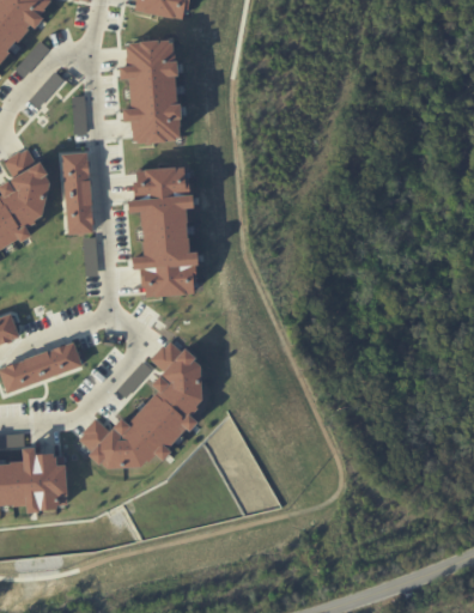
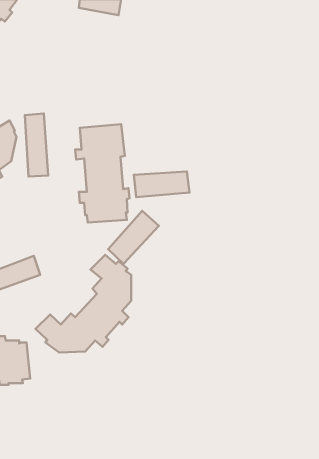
building: [120,38,183,144] -> none
building: none -> [134,171,189,197]
building: none -> [108,211,159,264]

